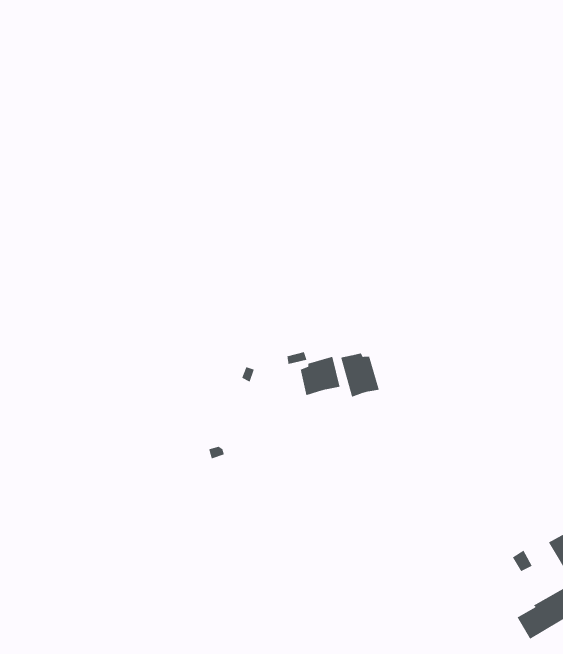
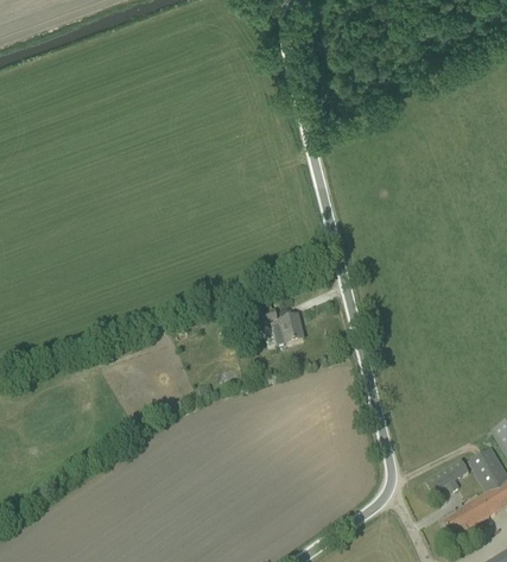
building: [340,353,380,398] -> none

